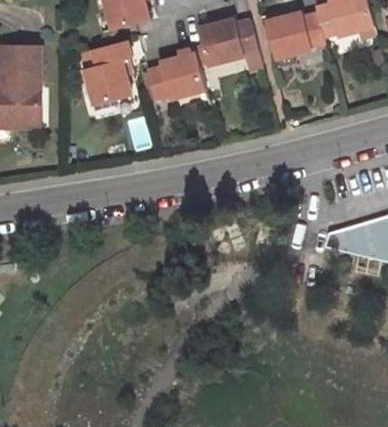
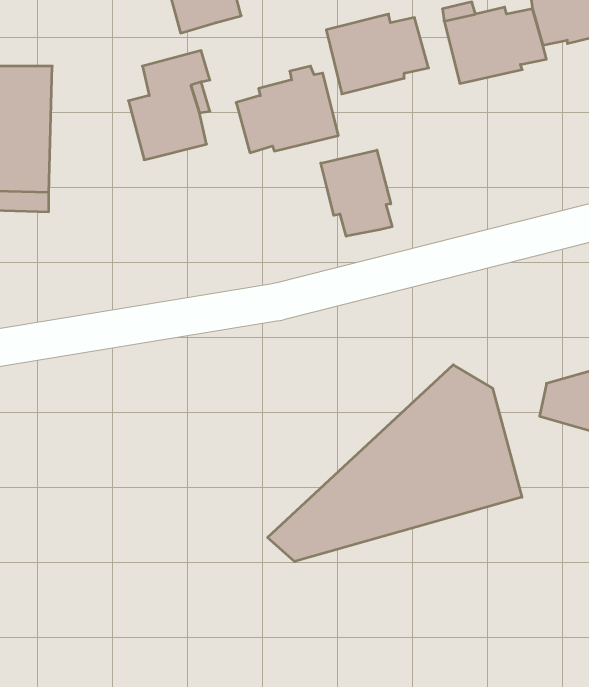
building: none -> [321,150,392,236]
building: none -> [268,365,522,562]

